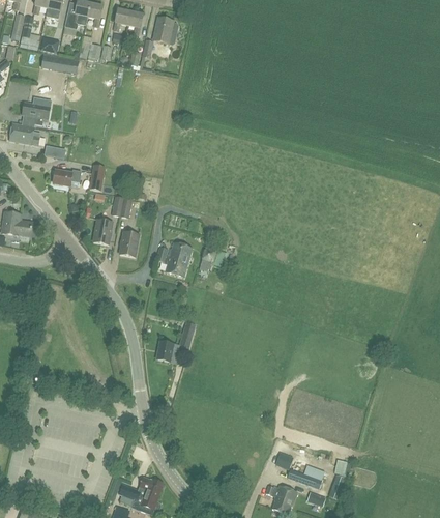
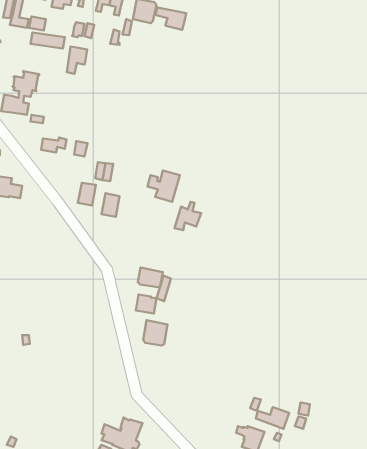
building: none -> [155,7,186,30]
building: none -> [67,47,87,74]
building: [156,241,192,276] -> [148,170,180,202]
building: none -> [138,268,163,287]
building: none -> [143,320,168,345]

